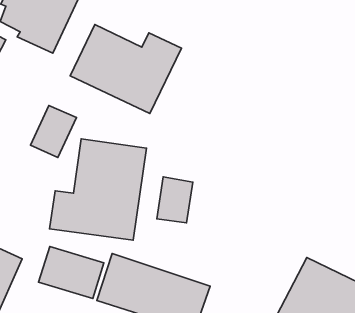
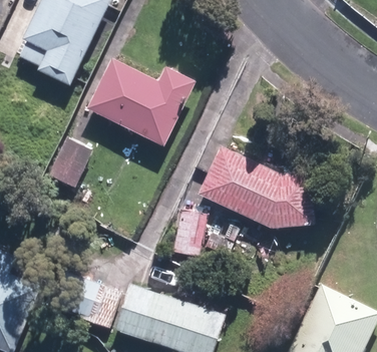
building: none -> [197,145,315,228]
building: [49,139,147,240] -> none

